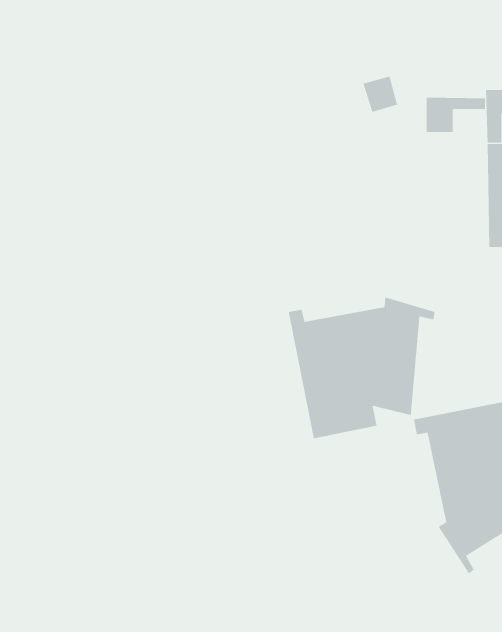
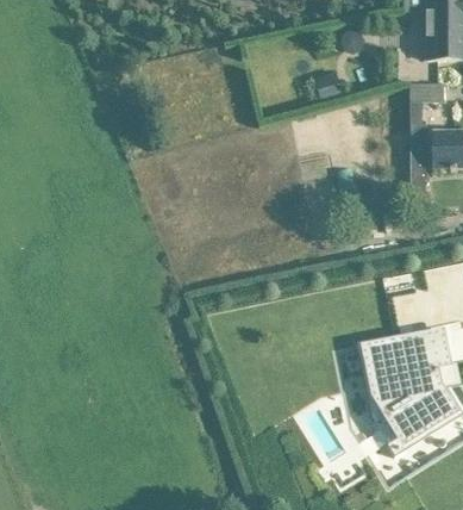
building: [426,97,486,133] -> none
building: [288,296,435,439] -> none

